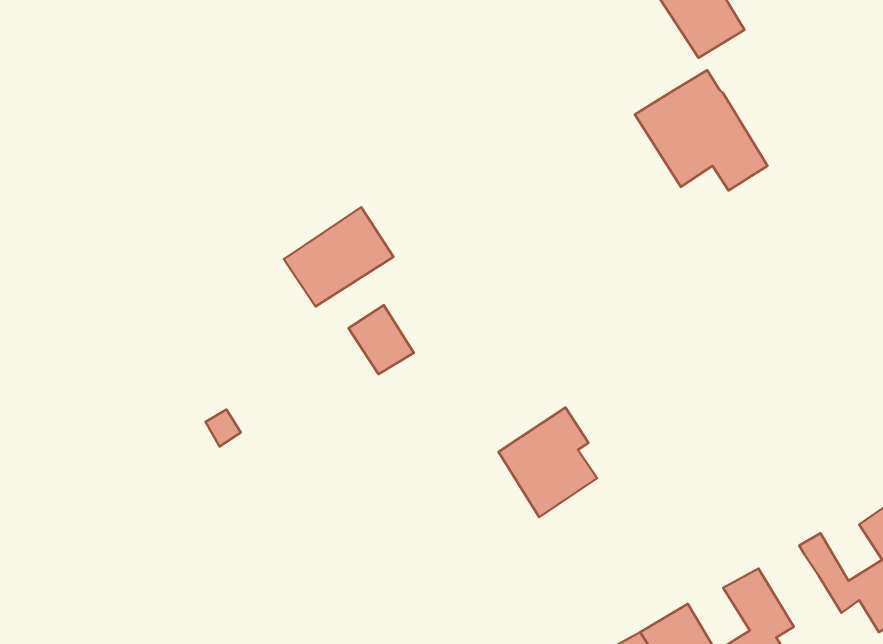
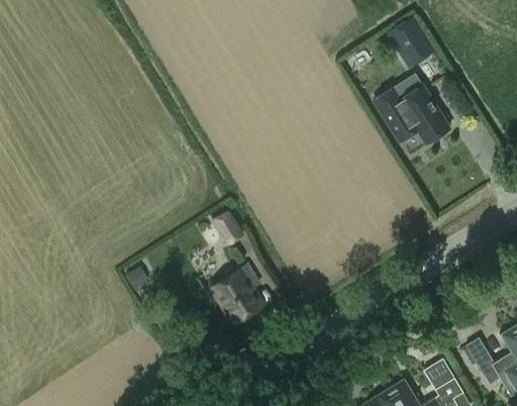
building: [284,207,394,307] -> none
building: [498,408,597,517] -> [209,264,266,326]

